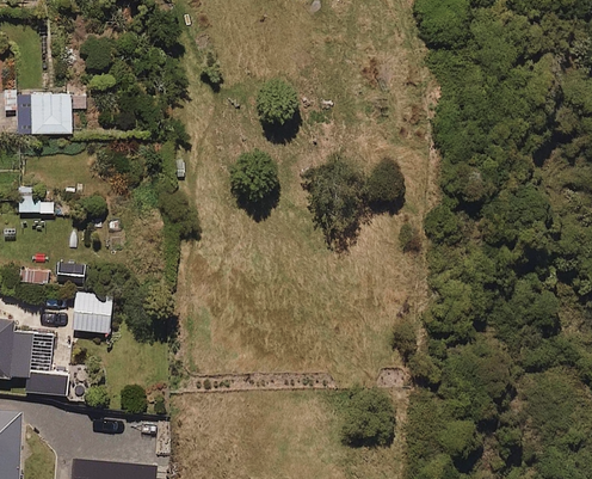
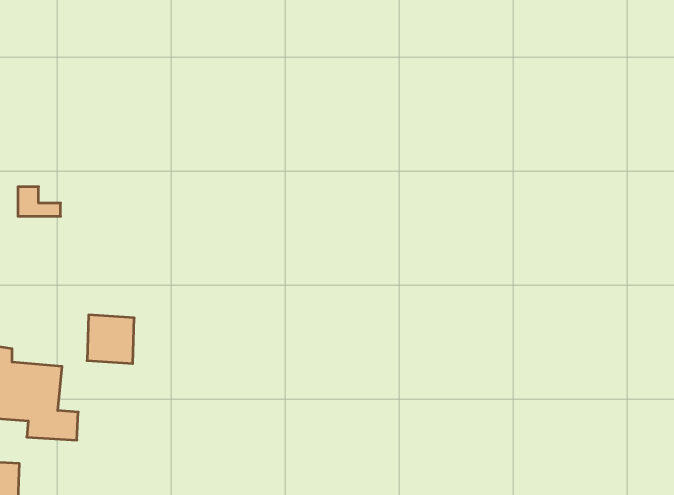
building: [32,93,87,133] -> none

